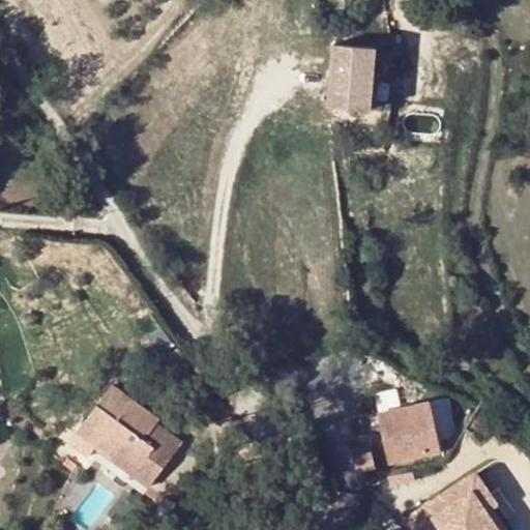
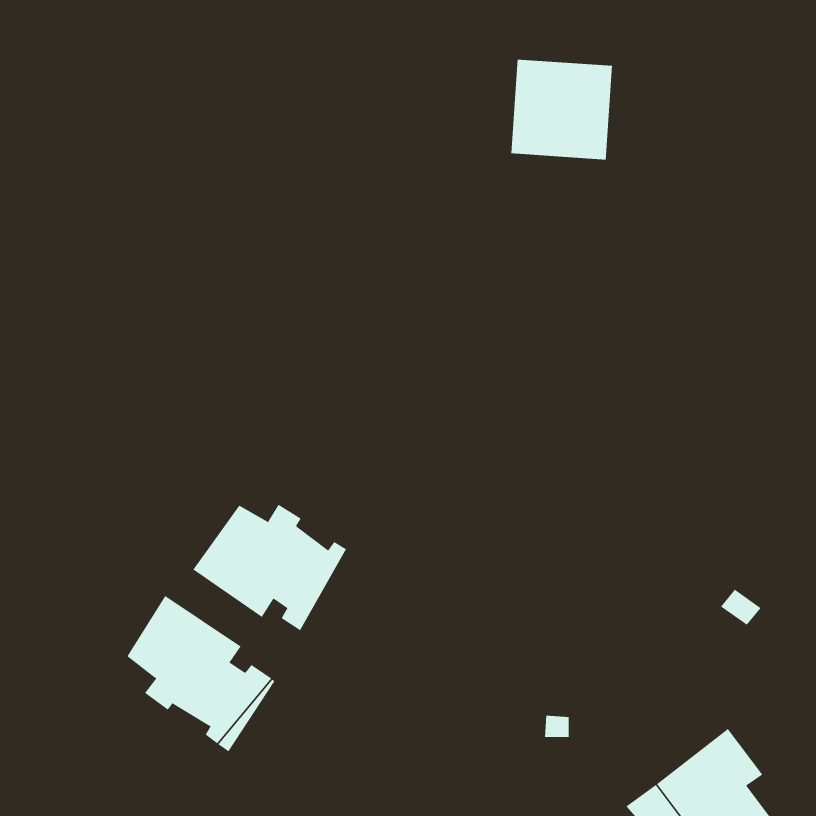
building: none -> [192,504,347,631]
building: [380,409,442,469] -> none

